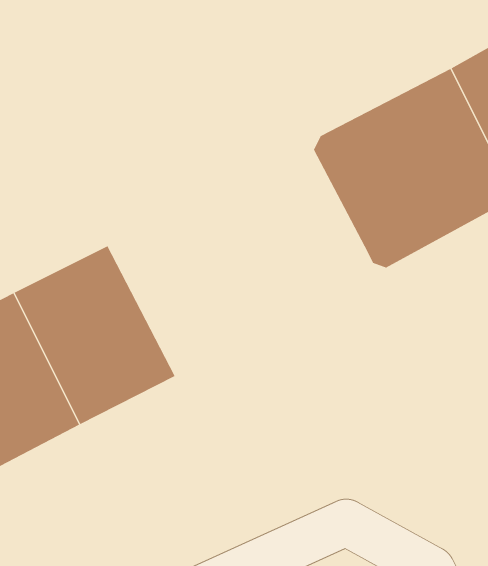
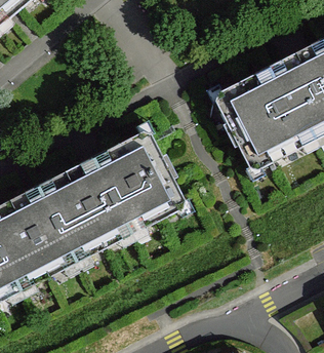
building: none -> [93,131,185,234]

